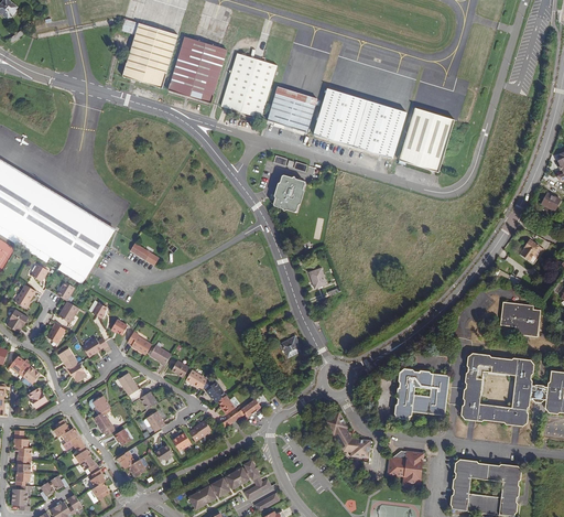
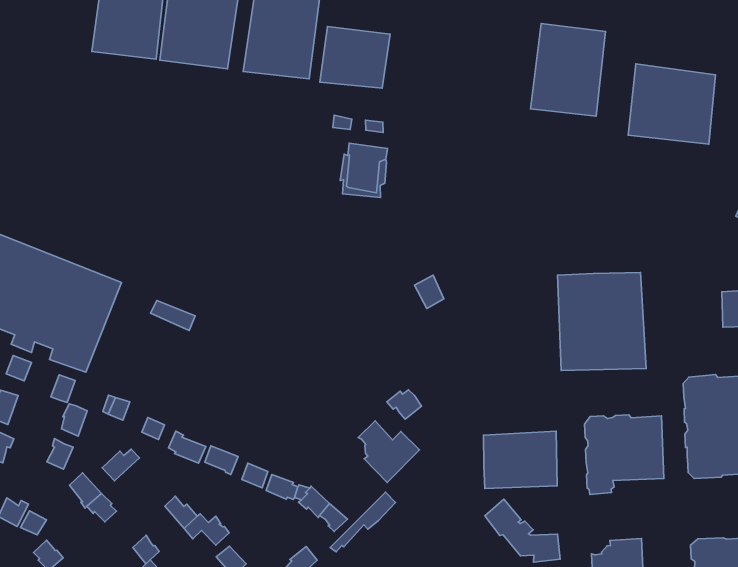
building: [312,86,406,159] -> none
building: none -> [628,64,716,144]
building: none -> [558,273,646,371]
building: none -> [358,421,419,482]
building: none -> [483,431,557,489]

